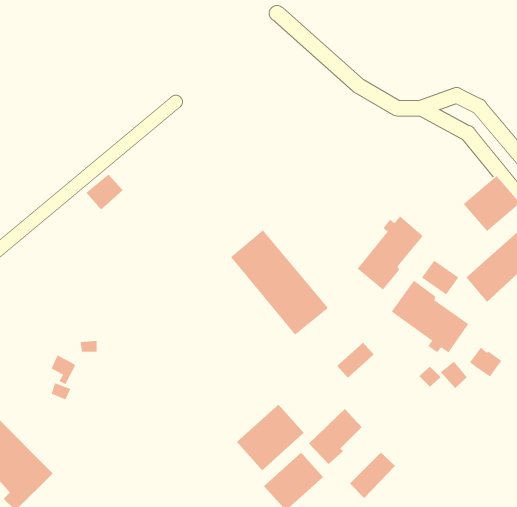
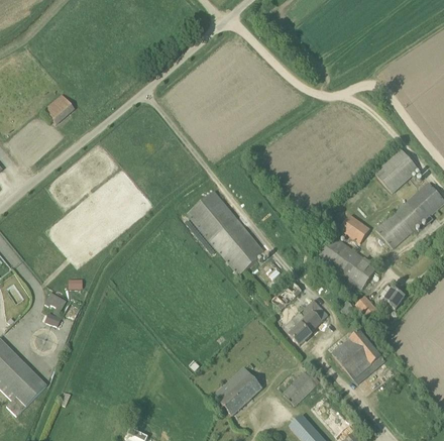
building: [86,174,124,210] -> [43,94,74,123]
building: [357,216,424,291] -> none
building: [236,404,305,471] -> none
building: none -> [332,329,385,382]
building: [308,408,363,465] -> [284,299,327,344]

